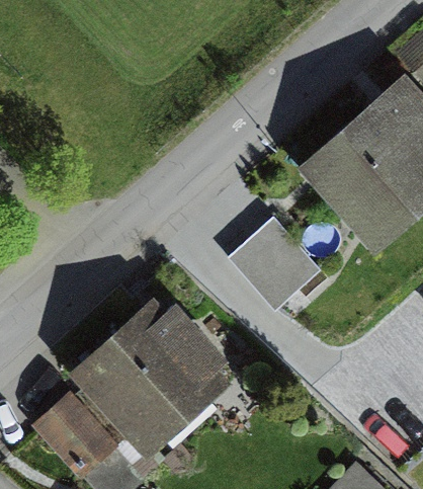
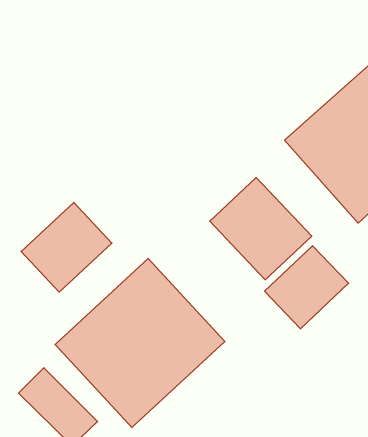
building: none -> [21,202,112,292]
building: none -> [265,246,349,329]

